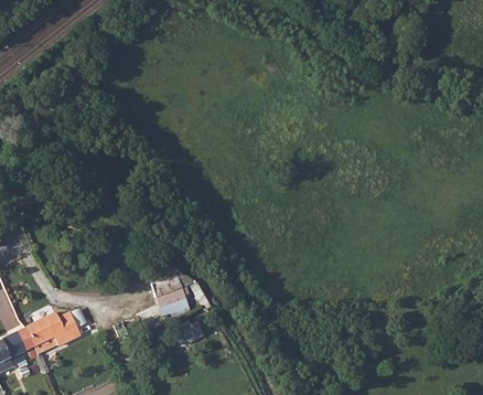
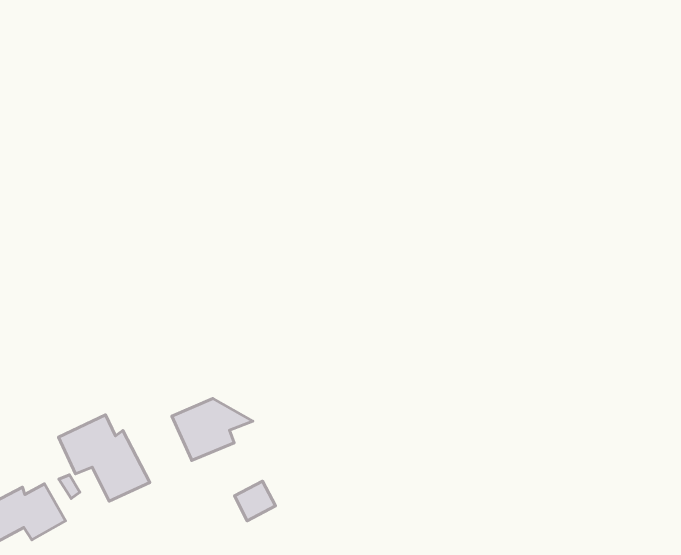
building: none -> [59,415,150,501]

